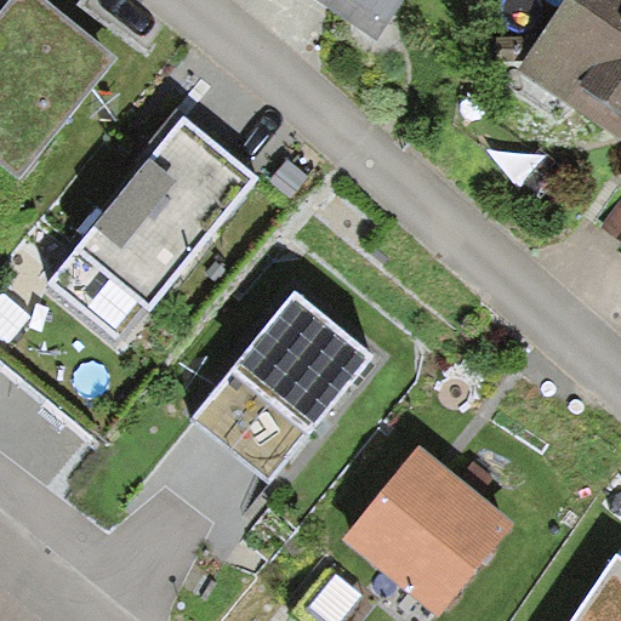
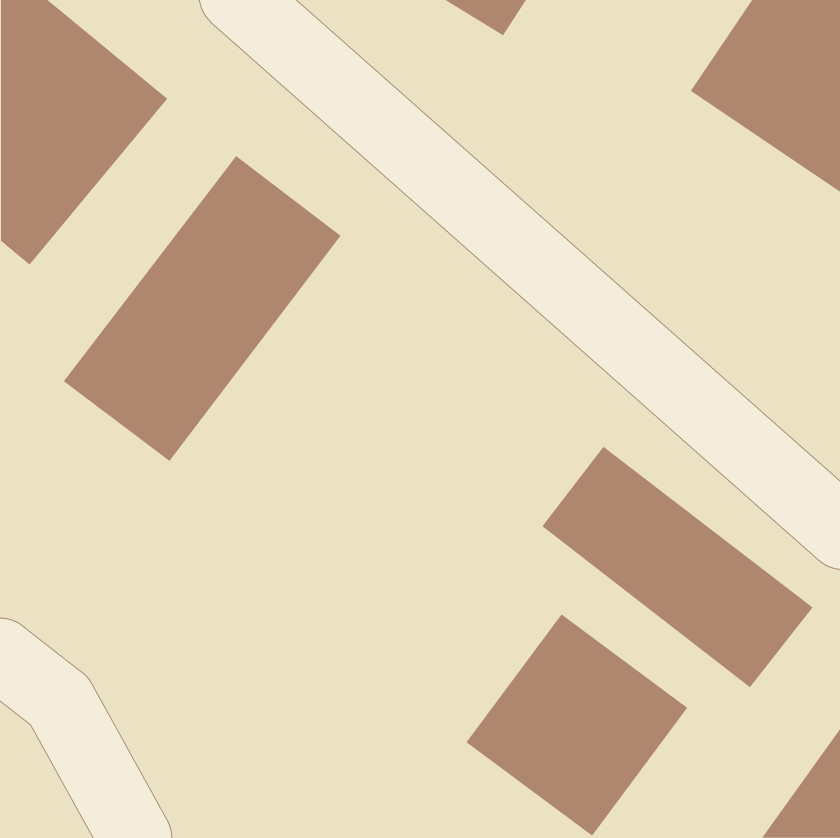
building: [186,269,393,489] -> none
building: none -> [541,446,813,688]

